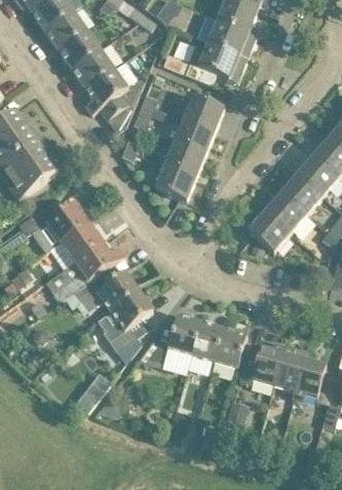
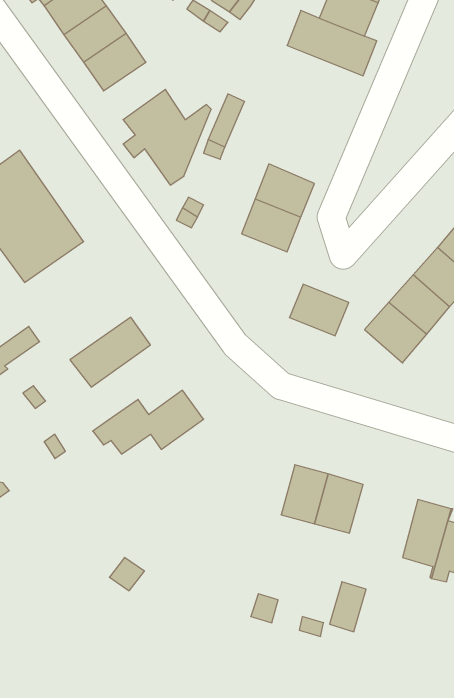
building: [163,42,248,84] -> none
building: [72,48,114,87] -> none
building: [184,95,224,130] -> none
building: [156,164,196,199] -> [289,284,349,336]
building: [32,200,90,252] -> none
building: [61,239,125,291] -> none
building: [104,290,153,351] -> none
building: [139,313,201,373] -> none
building: [239,341,284,383] -> none

